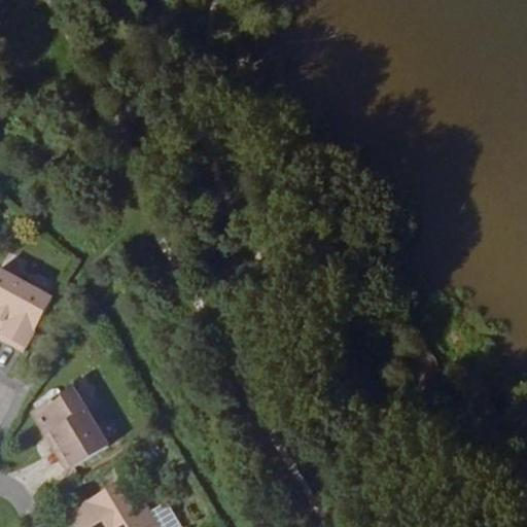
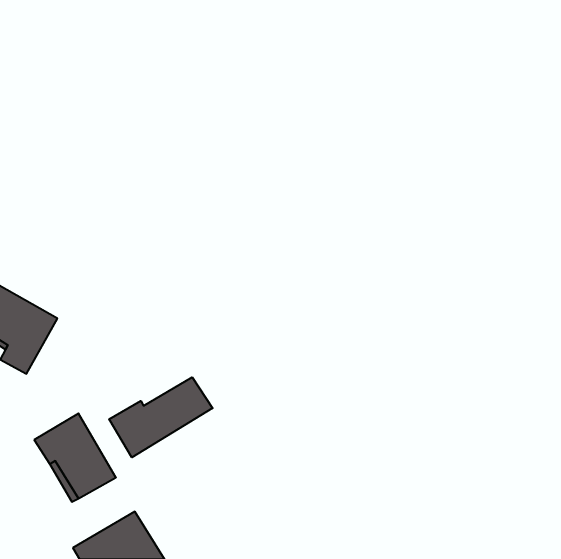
building: none -> [109,377,213,457]

